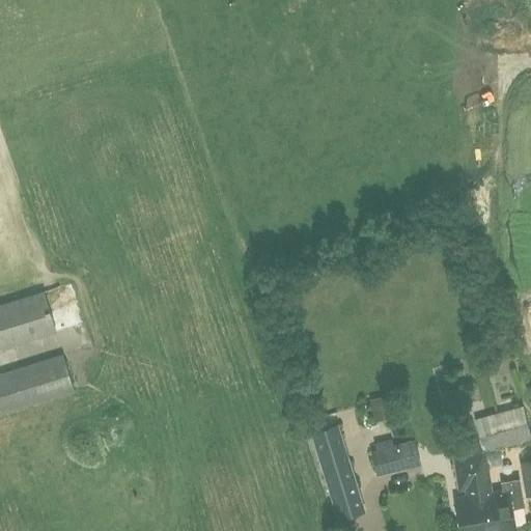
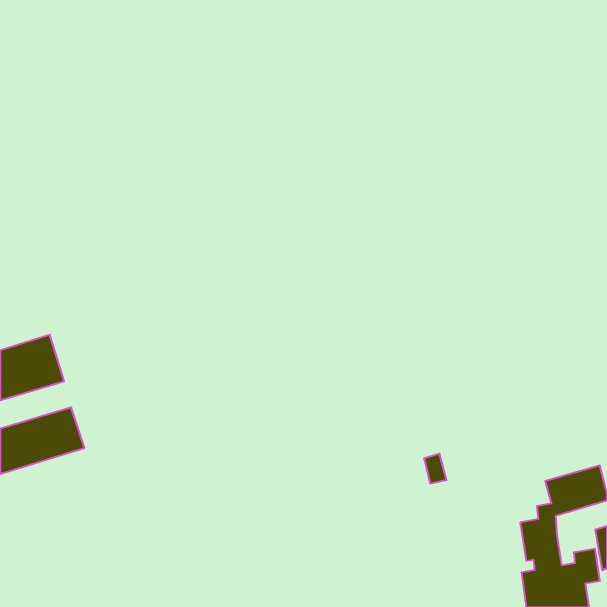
building: [313,427,365,522] -> none
building: [373,444,421,476] -> none

